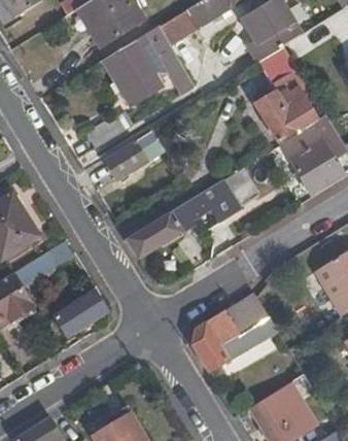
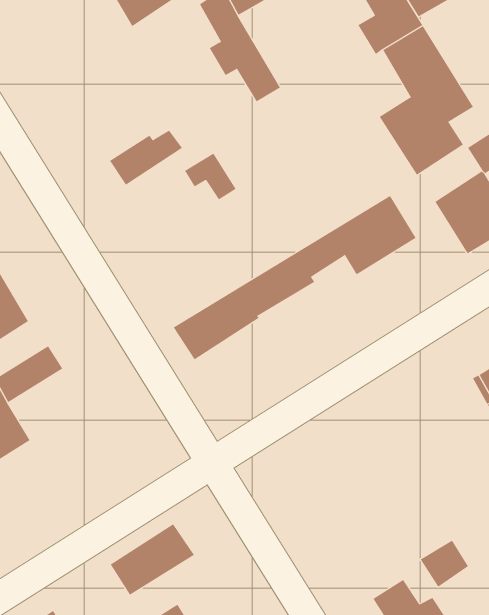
building: [106,44,162,104] -> none
building: [106,139,148,179] -> none
building: [55,290,108,335] -> [110,524,195,596]
building: [193,291,279,369] -> none

